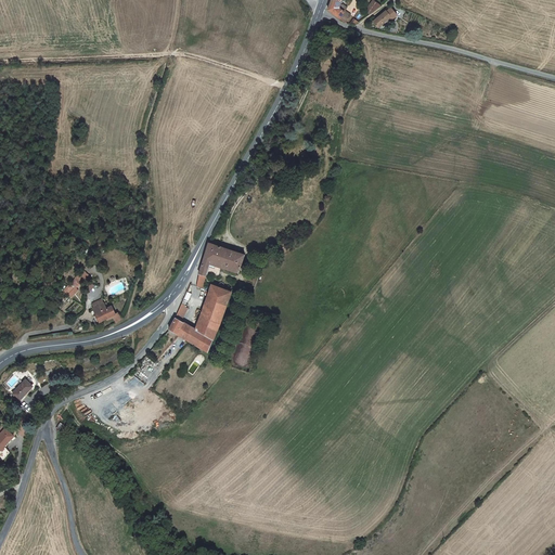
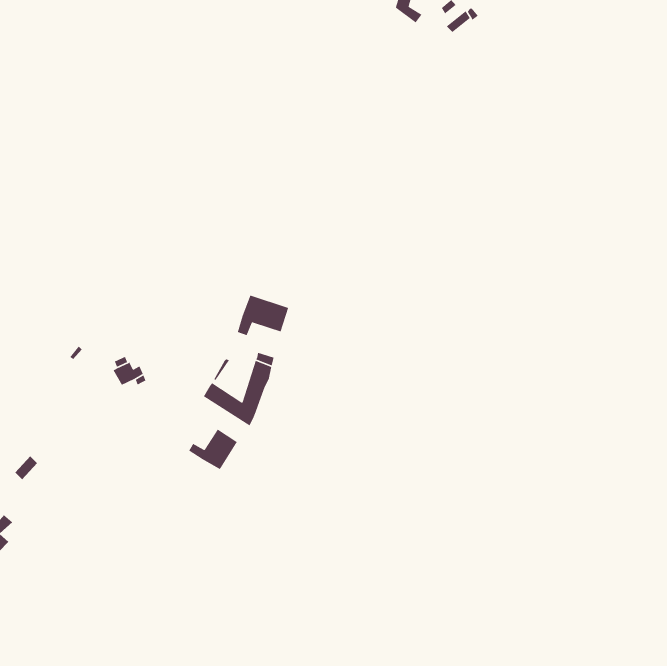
building: none -> [188,429,238,470]

